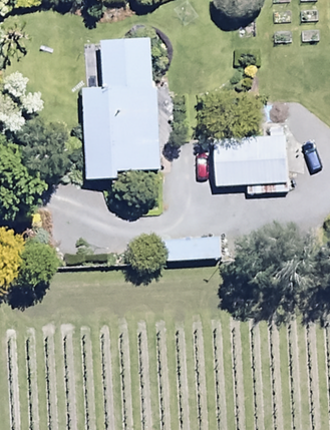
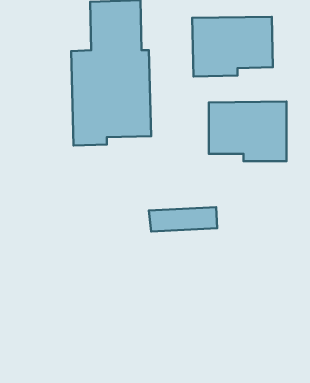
building: none -> [192,17,273,76]

